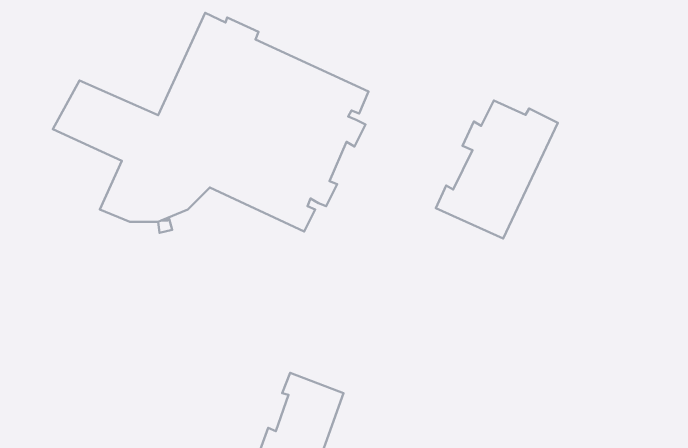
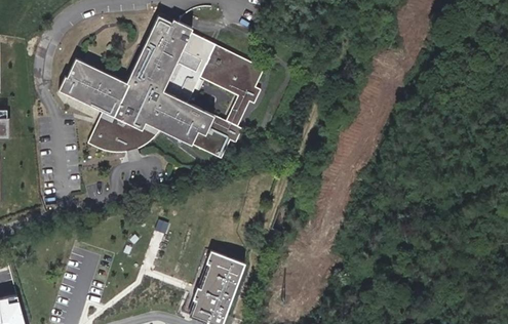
building: [436,100,558,239] -> none

